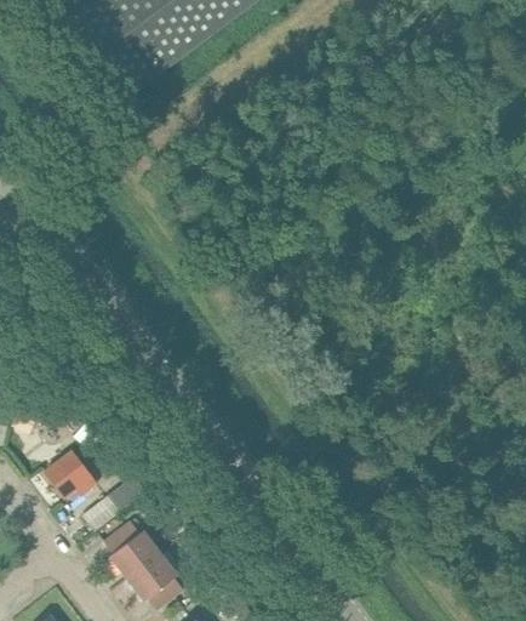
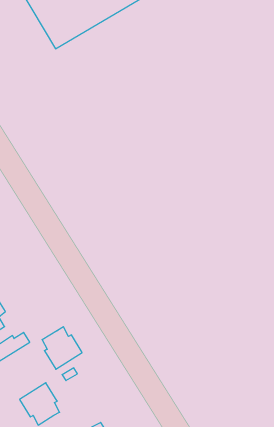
building: [104,519,160,577] -> [42,327,82,369]

